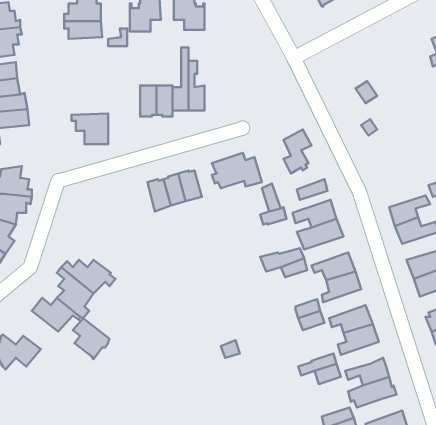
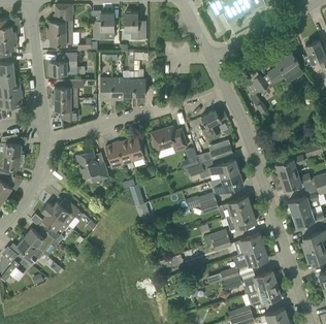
building: none -> [268,53,303,85]
building: none -> [48,54,76,74]
building: none -> [52,80,84,99]
building: none -> [76,150,108,182]
building: [73,318,110,359] -> [17,237,42,266]

